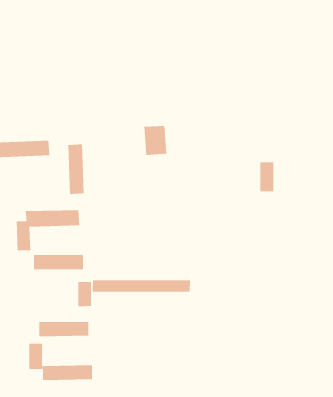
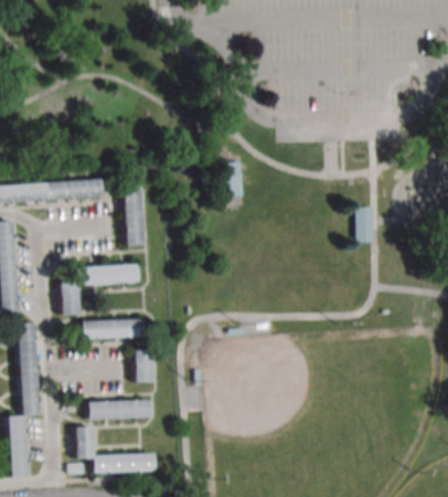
building: [92,279,190,292] -> none

